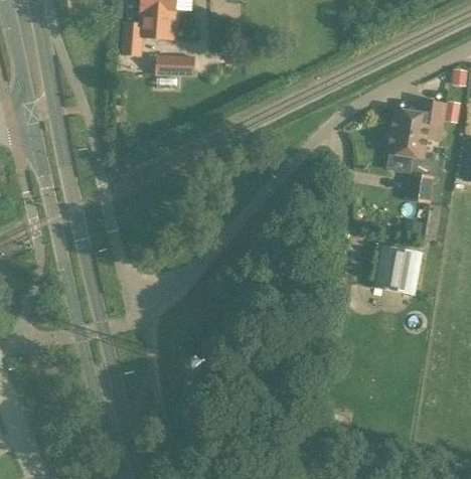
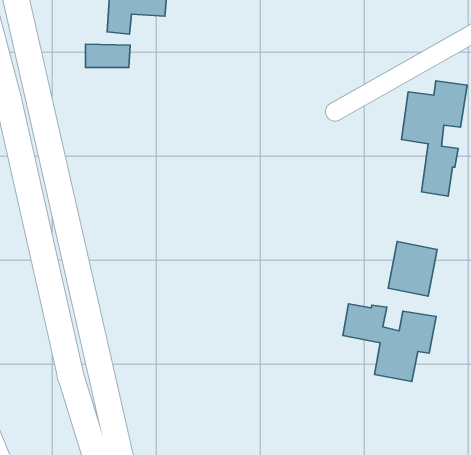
building: [155,54,195,75] -> [86,44,130,68]
building: none -> [343,304,436,381]

